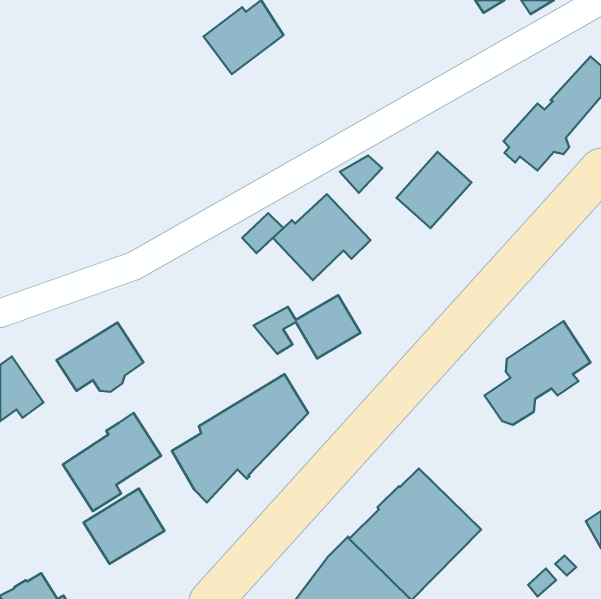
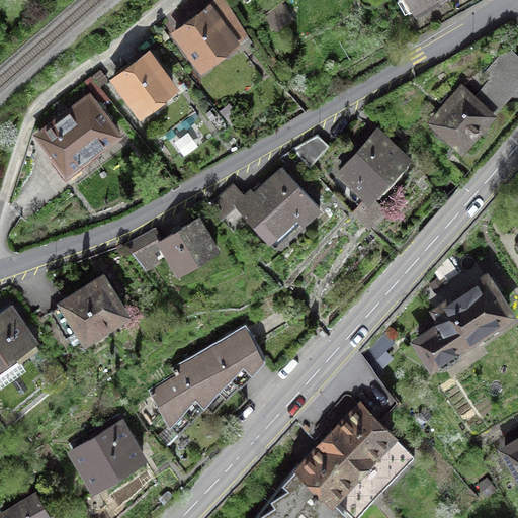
building: none -> [114,55,172,112]
building: none -> [38,98,116,173]
building: [254,295,361,359] -> [124,220,217,274]
building: [63,413,161,511] -> none

